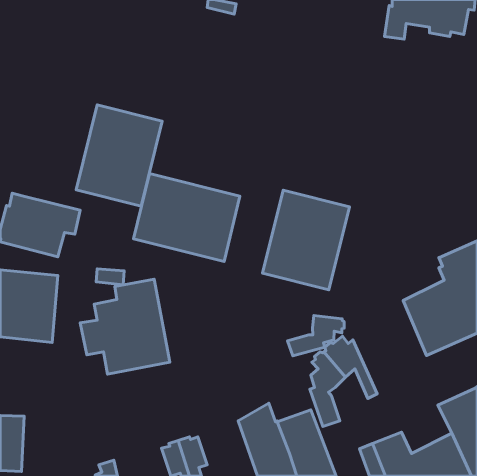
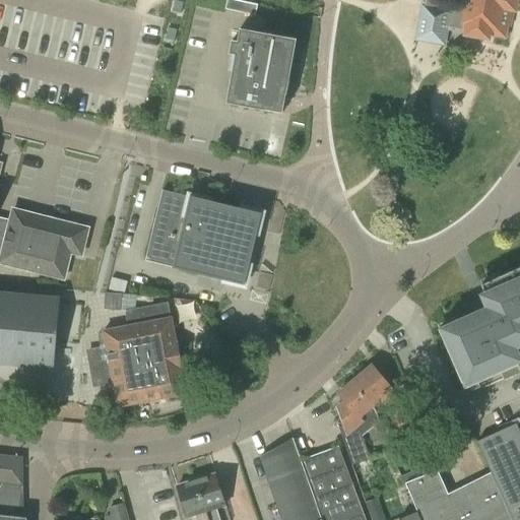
building: none -> [225,28,297,114]
building: [76,105,162,206] -> none
building: [263,190,349,290] -> none
building: [287,316,344,356] -> none

